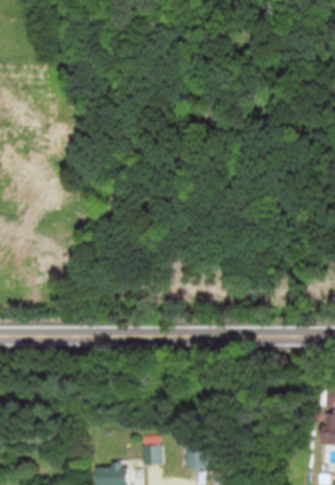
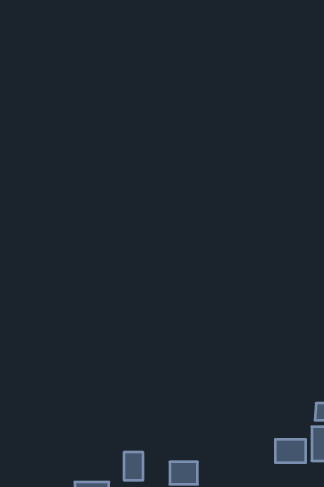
building: none -> [275,439,306,463]

